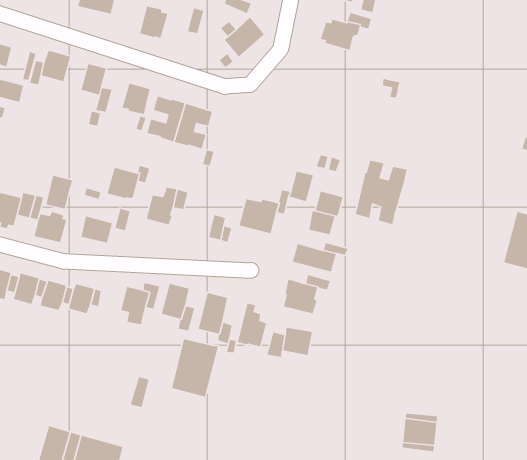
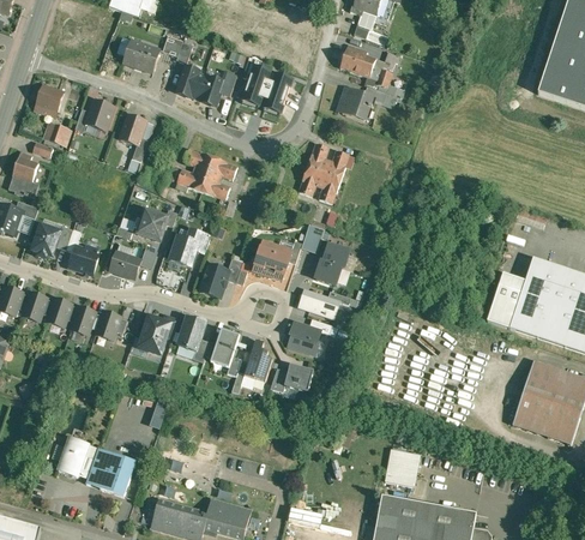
building: [121,82,151,115] -> [195,74,223,104]
building: [355,160,408,225] -> [298,143,349,203]
building: [45,175,73,209] -> none
building: none -> [199,264,228,298]
building: [171,338,219,397] -> none

